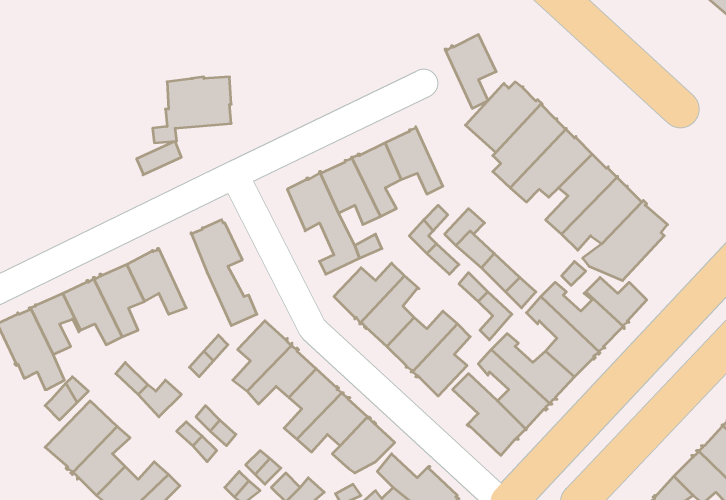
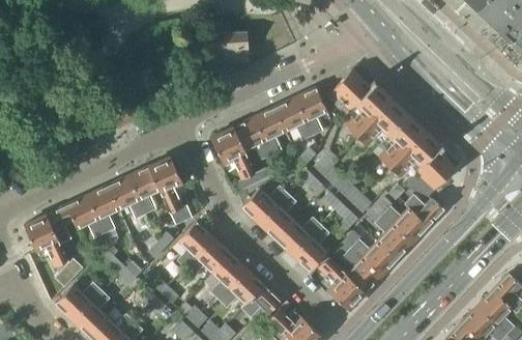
building: [445,35,496,108] -> [295,87,328,135]
building: [153,77,231,143] -> [197,31,248,74]
building: none -> [129,165,161,214]

